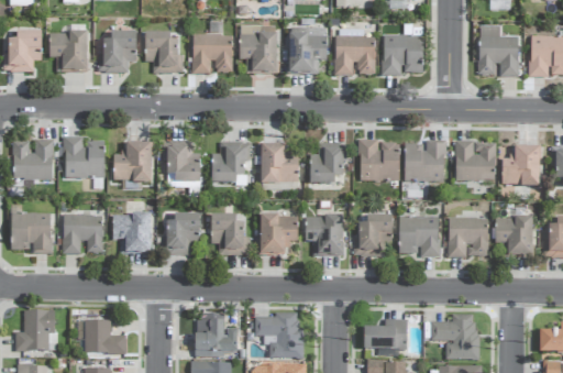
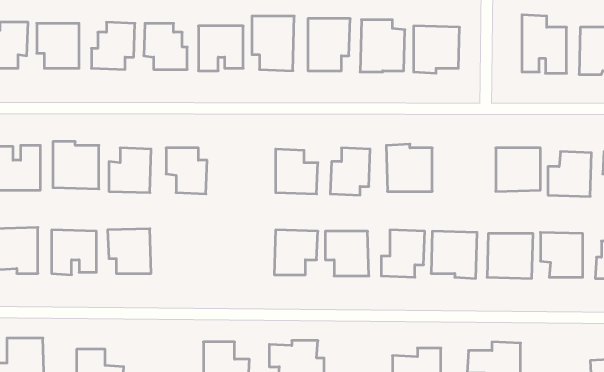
building: [404,140,445,182] -> none
building: [211,142,250,183] -> none
building: [161,213,200,254] -> none
building: [211,213,249,255] -> none

